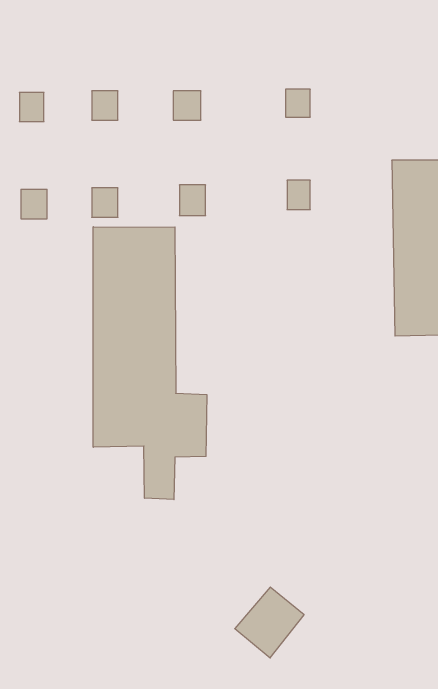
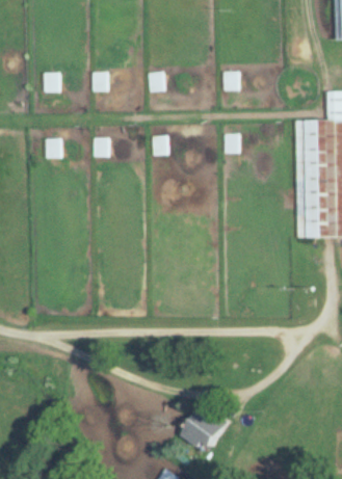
building: [93,227,207,500] -> none

